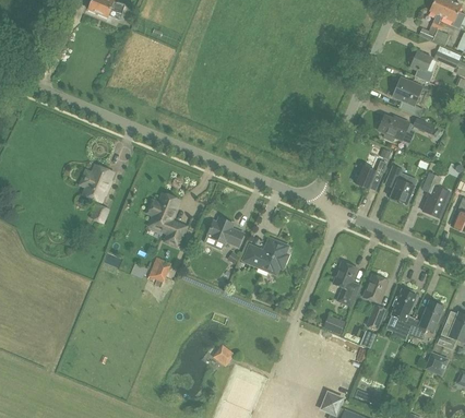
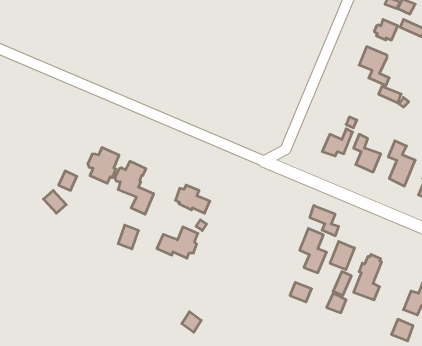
building: [379,116,409,141] -> none
building: [80,165,111,201] -> [88,148,119,183]
building: none -> [310,205,339,236]
building: [243,238,285,270] -> [157,227,198,258]
building: [408,298,443,339] -> none

